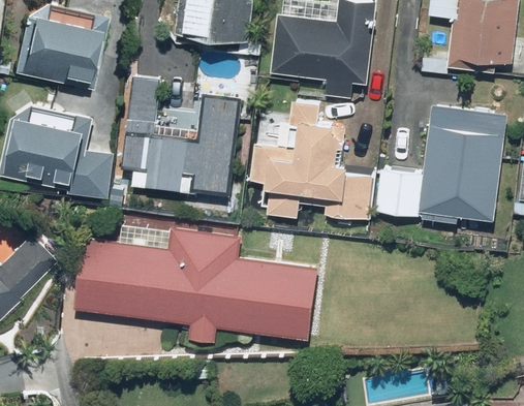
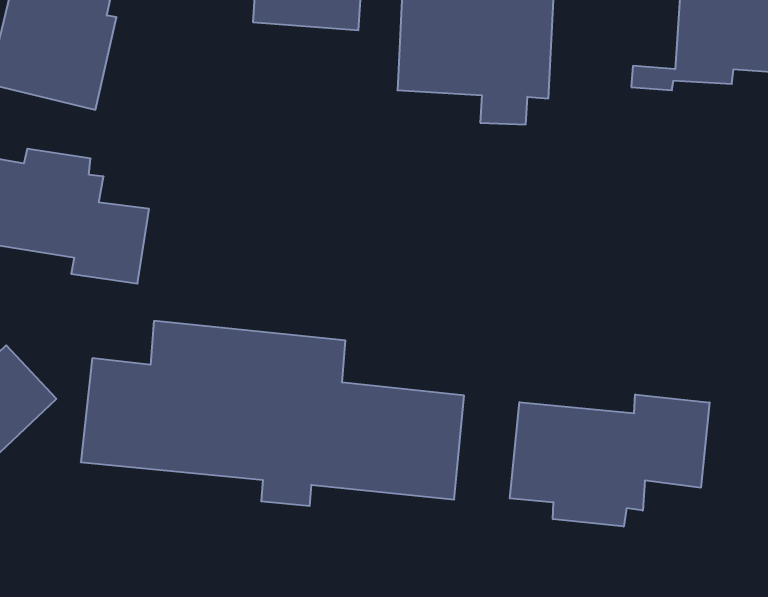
building: [125,81,237,191] -> none
building: [253,104,371,219] -> none
building: [376,108,503,219] -> none
building: none -> [510,394,710,527]

